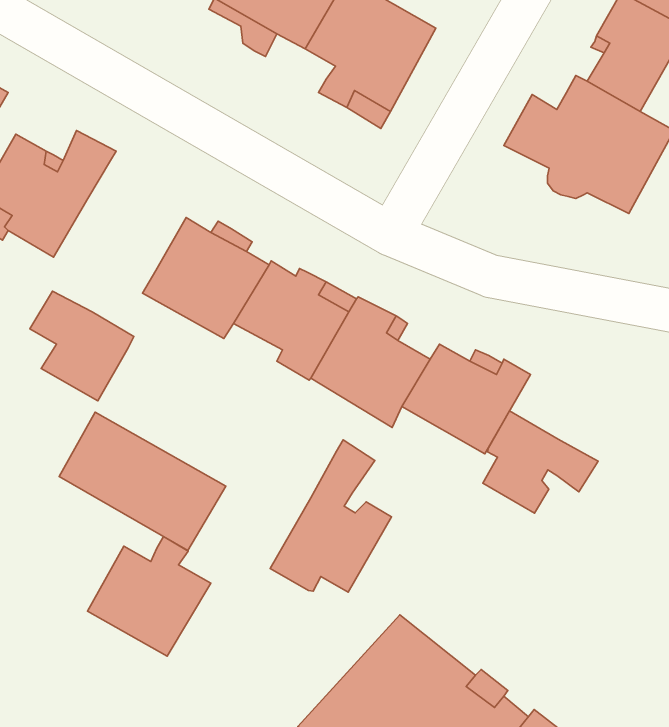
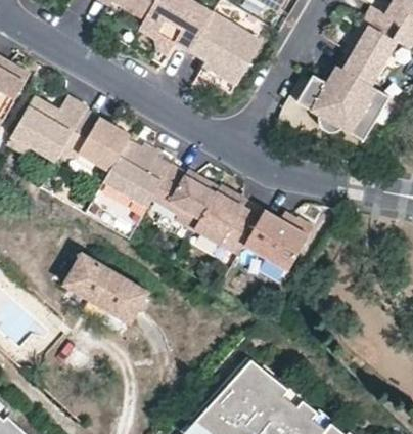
building: [30,291,134,401] -> [74,112,130,171]
building: [483,411,598,513] -> none
building: [270,440,391,592] -> none
building: [87,536,211,656] -> none

